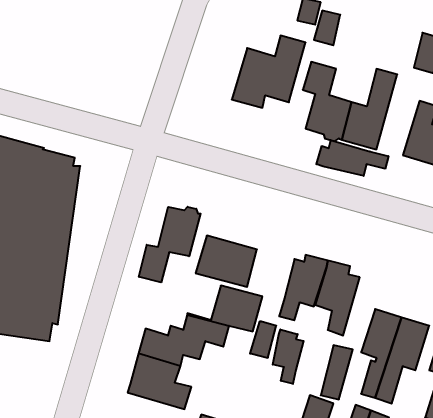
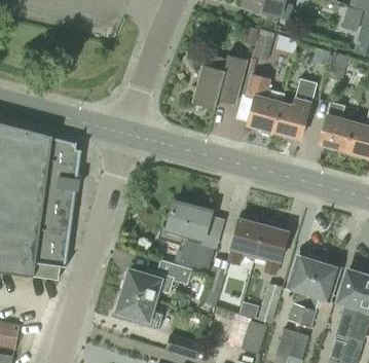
building: [316,140,388,176] -> none
building: [139,207,201,282] -> none
building: [273,329,304,384] -> none

